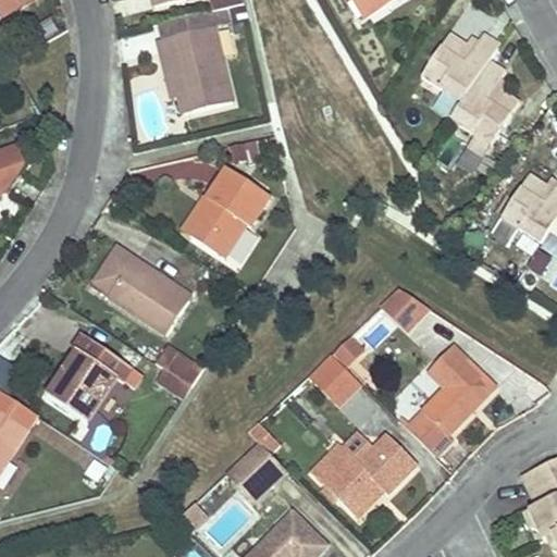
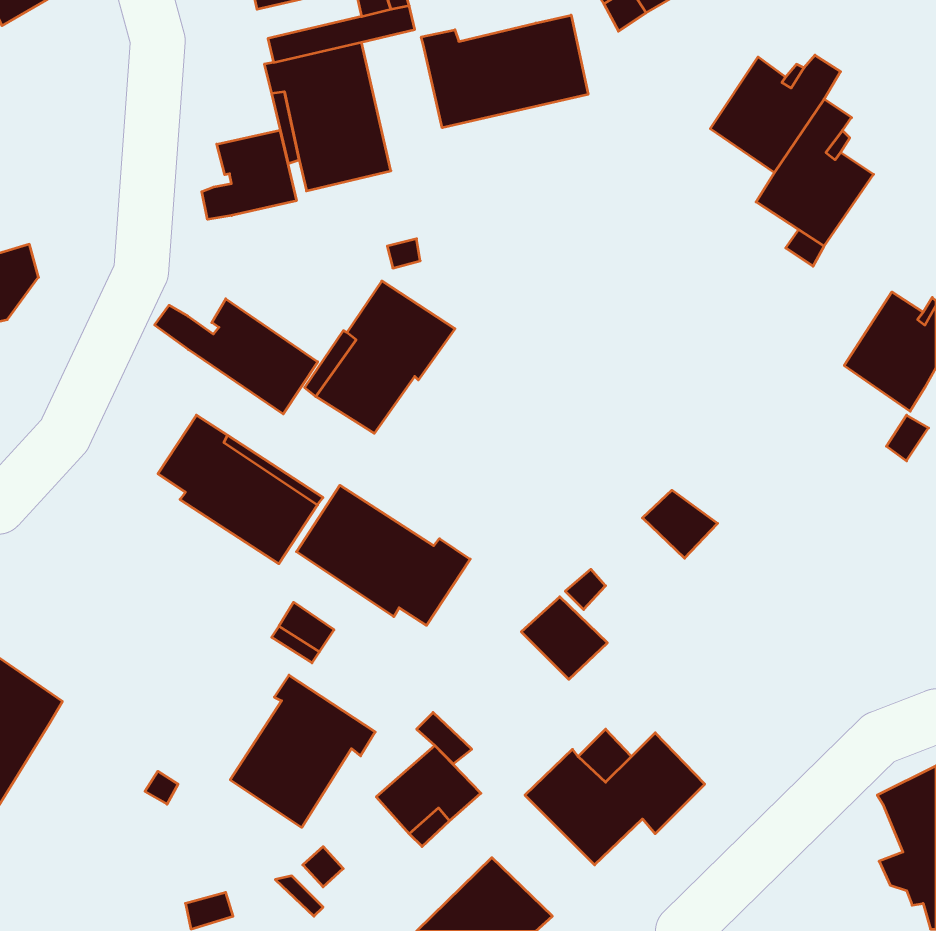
building: none -> [421,15,588,128]
building: none -> [202,130,296,219]
building: none -> [155,299,318,414]
building: none -> [296,485,470,625]
building: [45,333,131,423] -> [230,675,375,827]
building: [405,345,498,457] -> none

